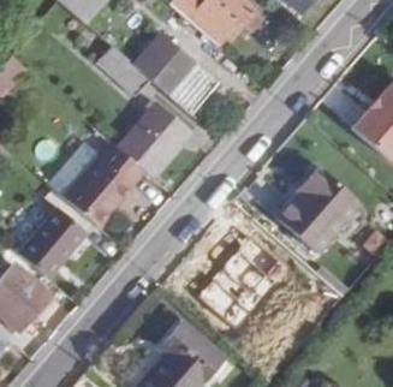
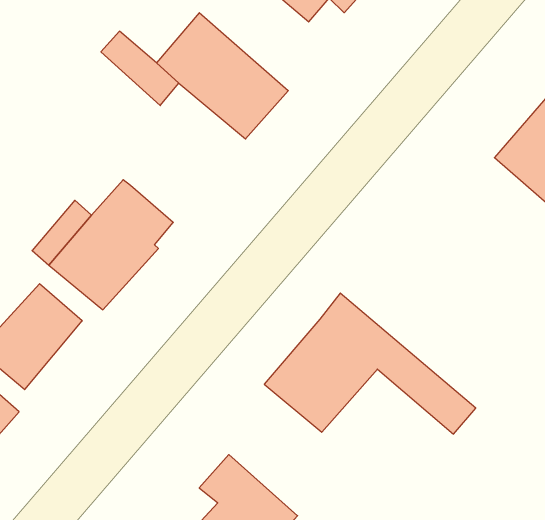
building: [115,99,189,177] -> none
building: [275,166,356,251] -> none

